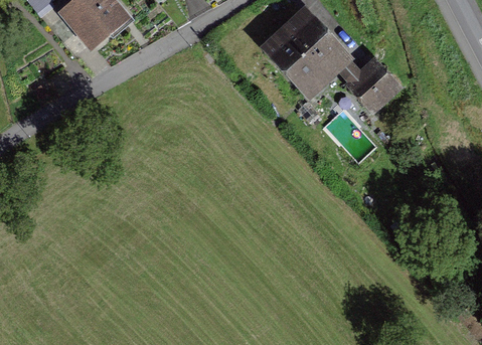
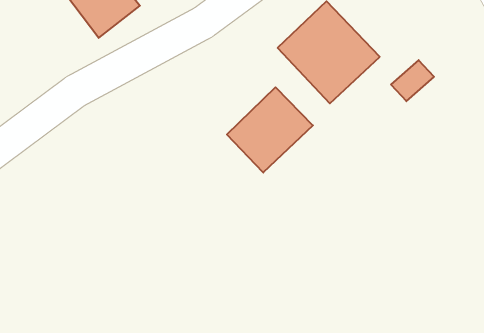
building: none -> [227,87,313,173]

